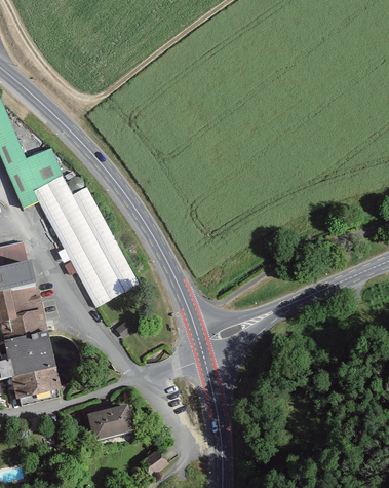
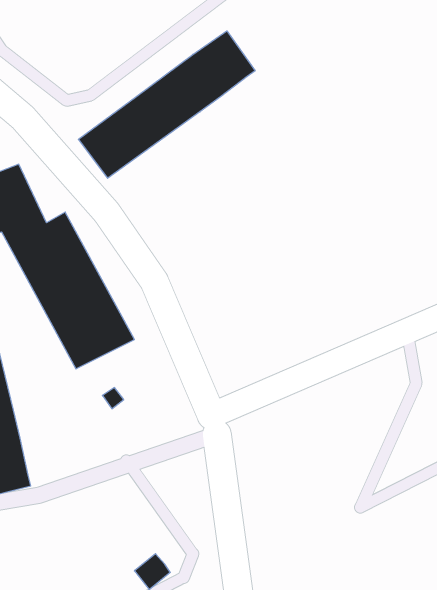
building: none -> [78,31,255,178]
building: [86,404,134,441] -> none

